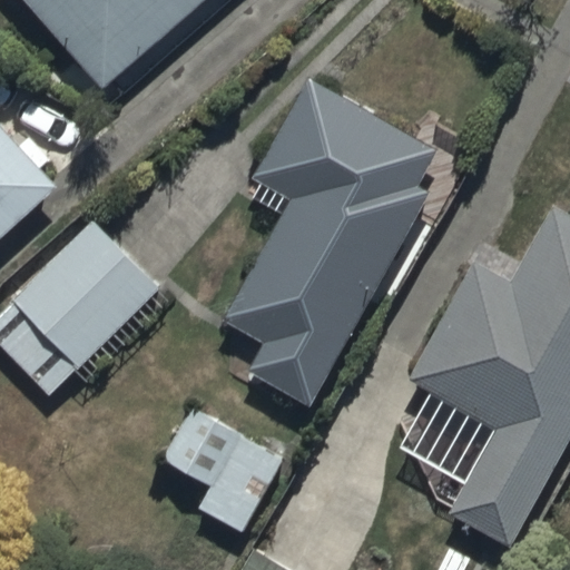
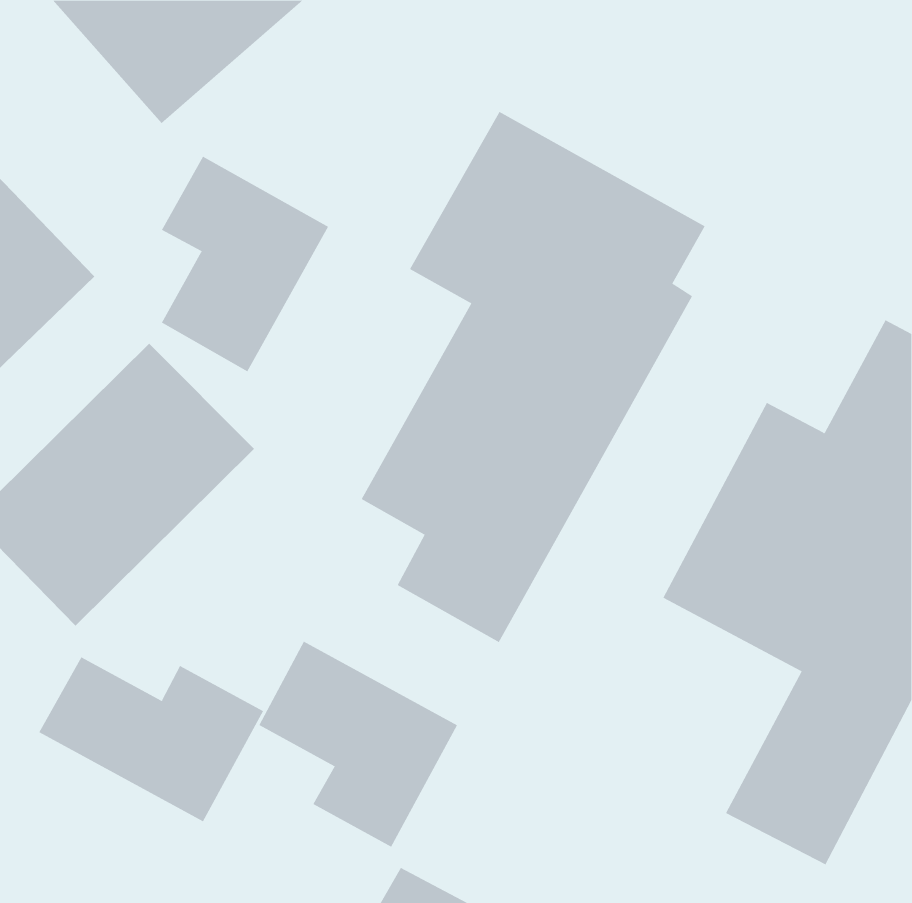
building: none -> [161,156,329,372]
building: none -> [39,656,264,822]

